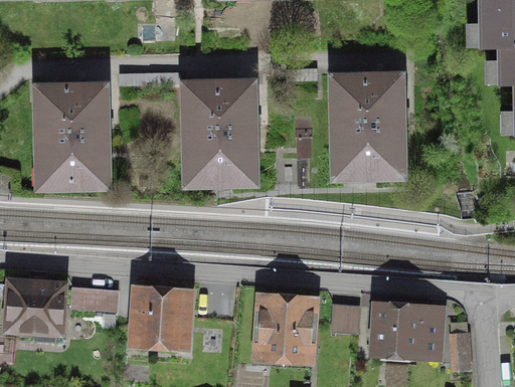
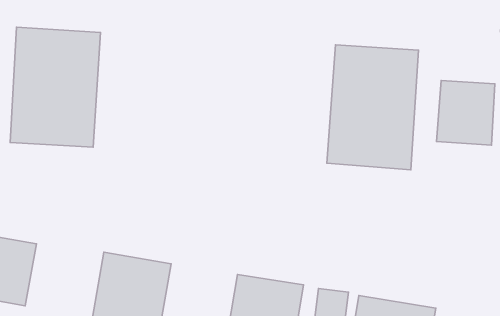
building: [179,79,259,189] -> none
building: none -> [437,80,495,145]
building: [69,282,119,307] -> none

